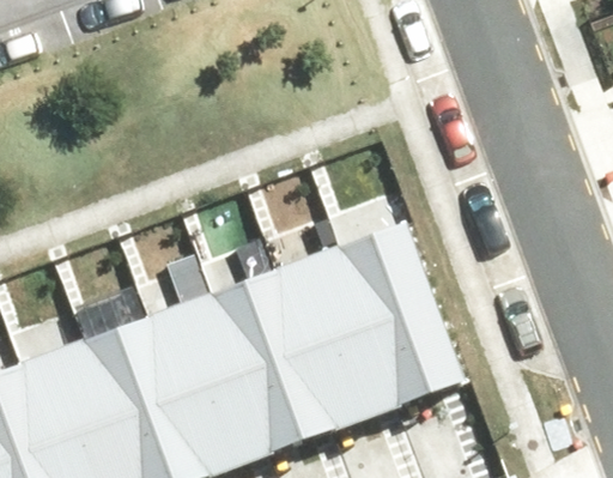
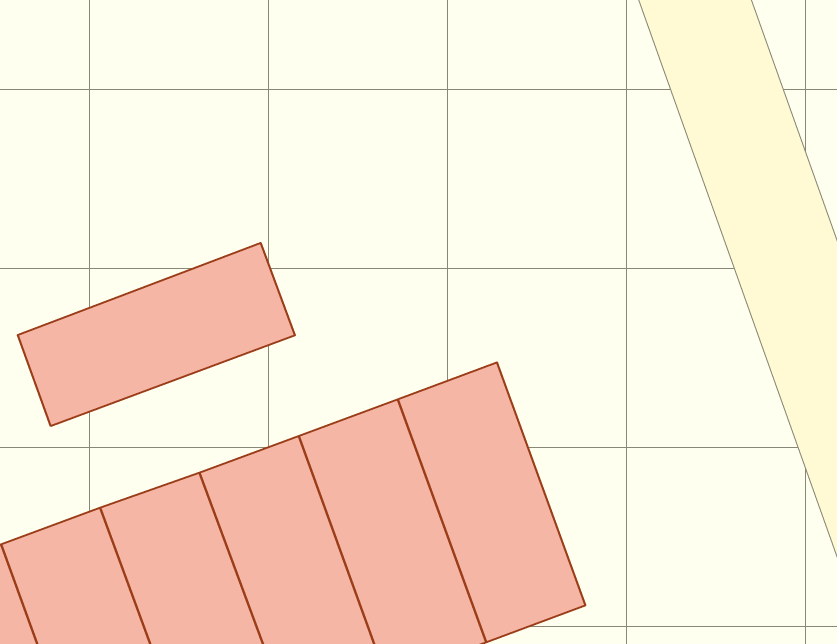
building: none -> [18,243,295,426]
building: [340,222,463,404] -> none

